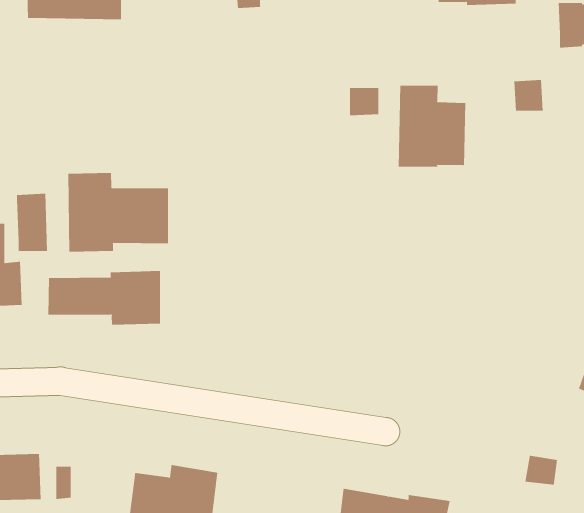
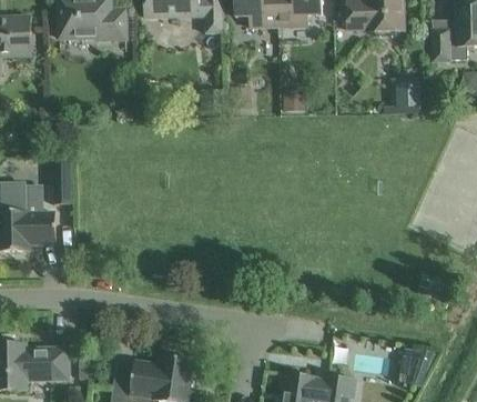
building: [398,85,466,167] -> none
building: [68,172,169,253] -> none
building: [48,270,160,326] -> none

